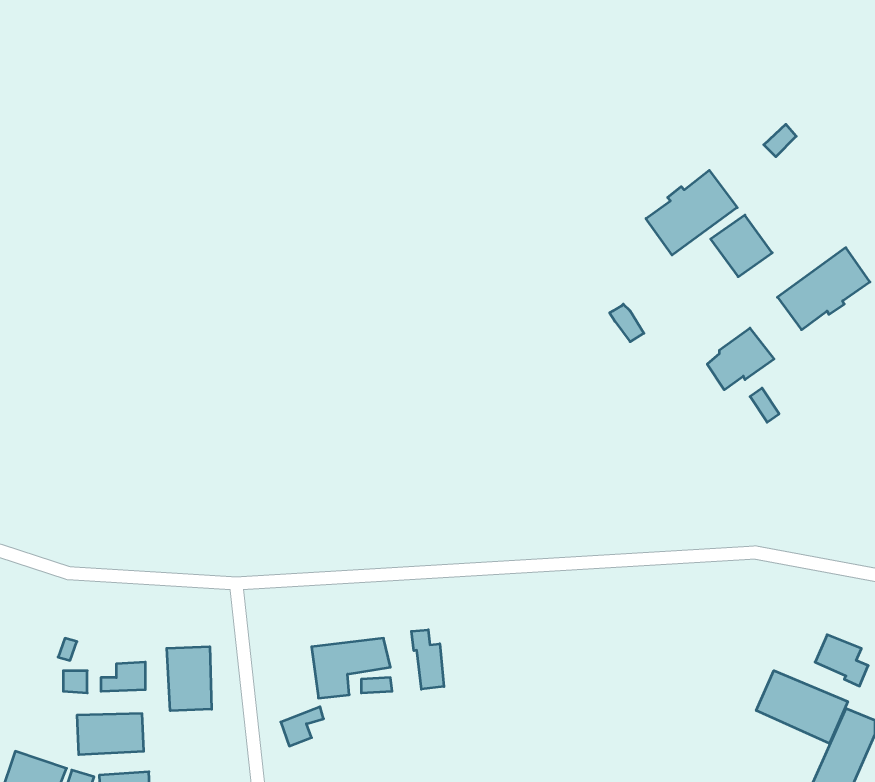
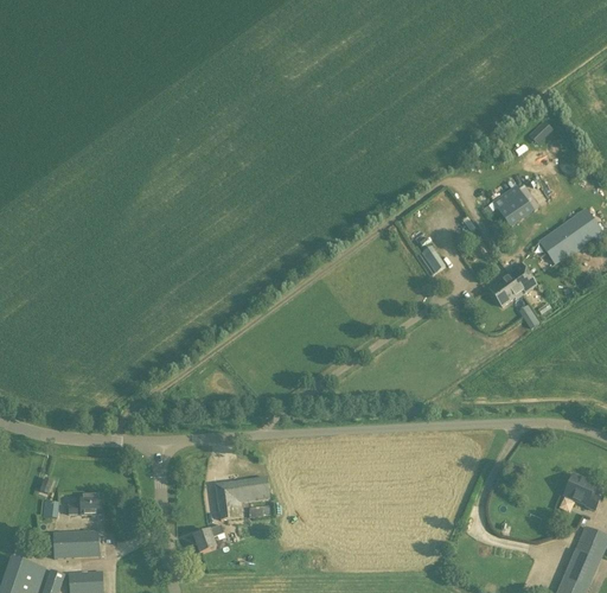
building: [646,170,737,255] -> none
building: [411,630,444,689] -> none
building: [167,647,212,711] -> none
building: [756,671,848,743] -> none

